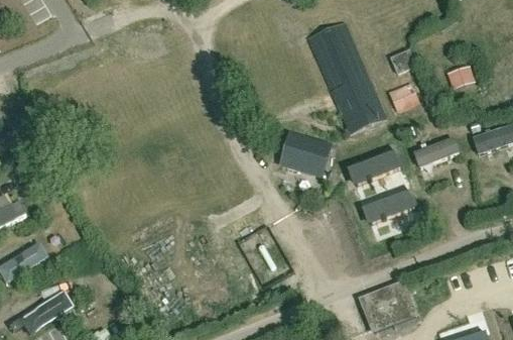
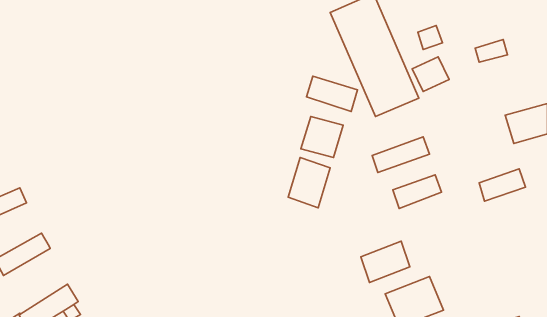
building: none -> [306,76,357,111]
building: [414,133,458,163] -> [479,169,526,201]
building: none -> [288,158,330,208]
building: none -> [361,241,410,283]

